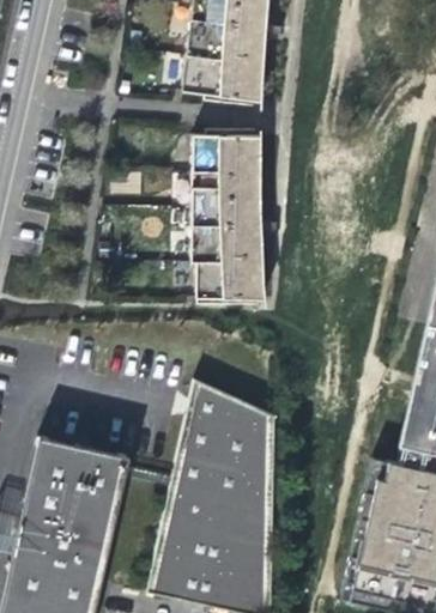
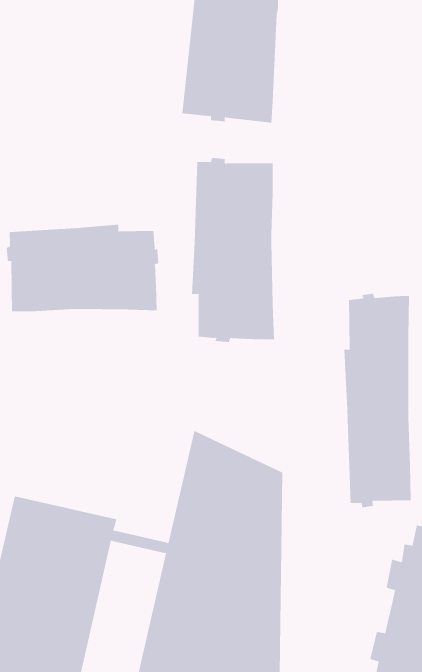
building: none -> [6,224,159,312]
building: none -> [344,293,411,508]

